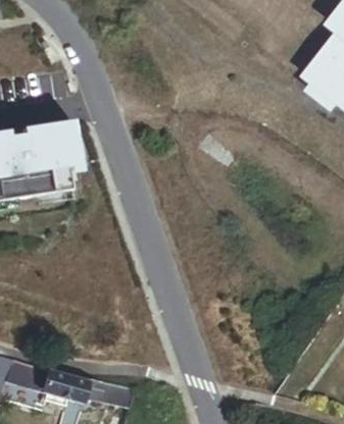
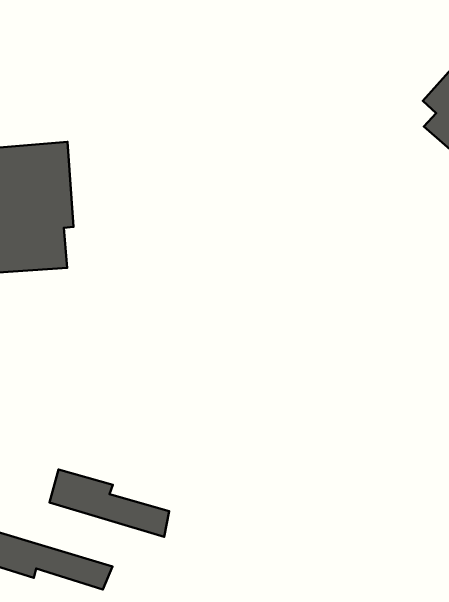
building: none -> [50,469,169,537]

